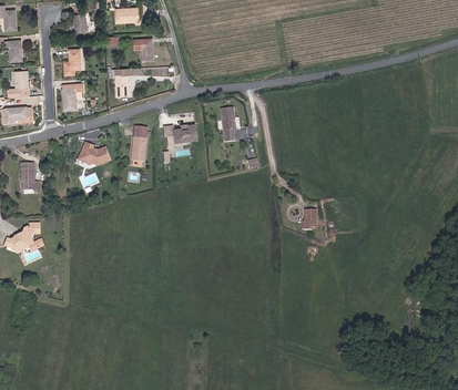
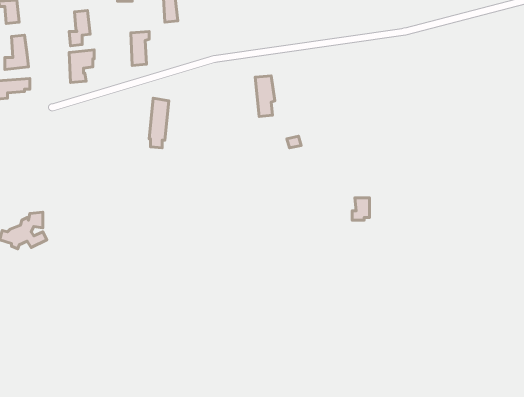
building: [163,123,196,145] -> none
building: [78,141,112,165] -> none
building: [21,162,42,192] -> none

